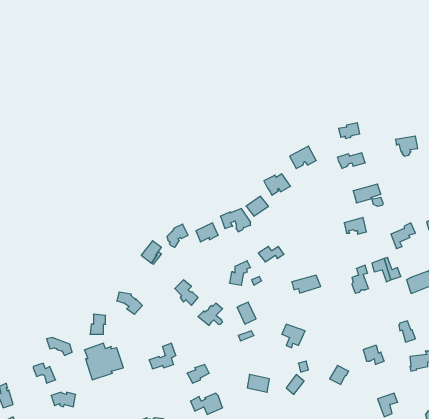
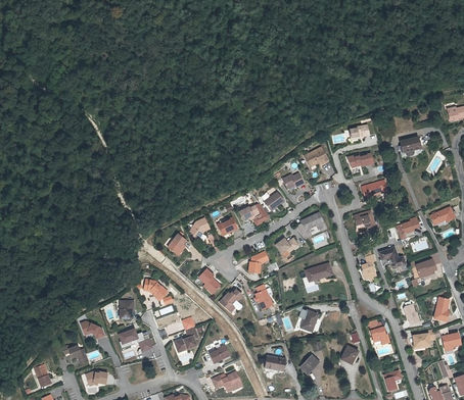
building: none -> [295,212,326,239]

